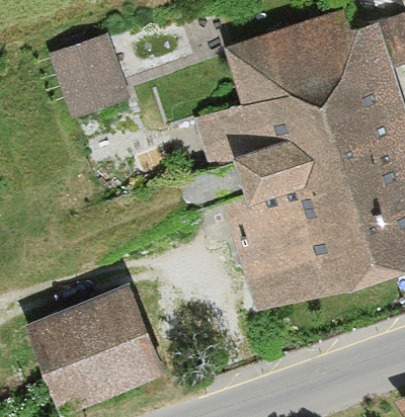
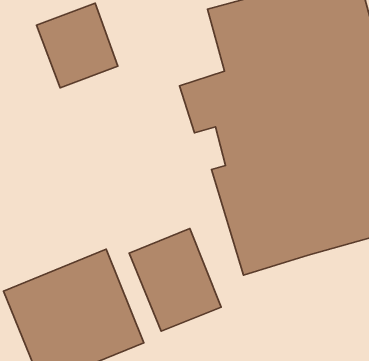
building: none -> [129,229,221,331]

